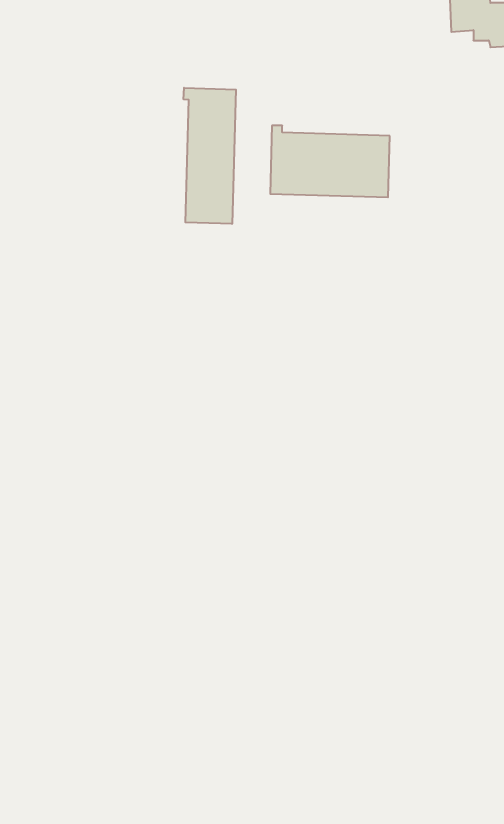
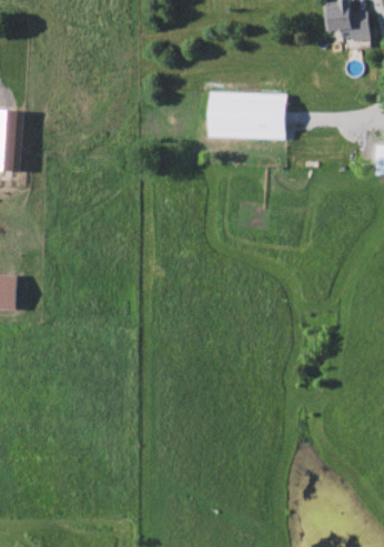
building: [184,88,236,224] -> none

